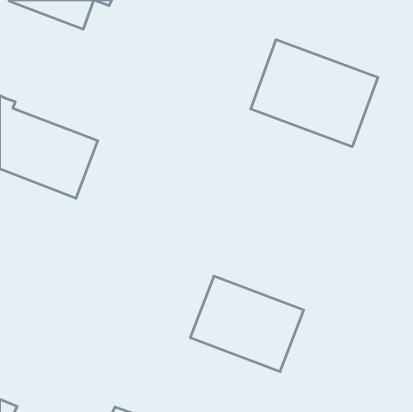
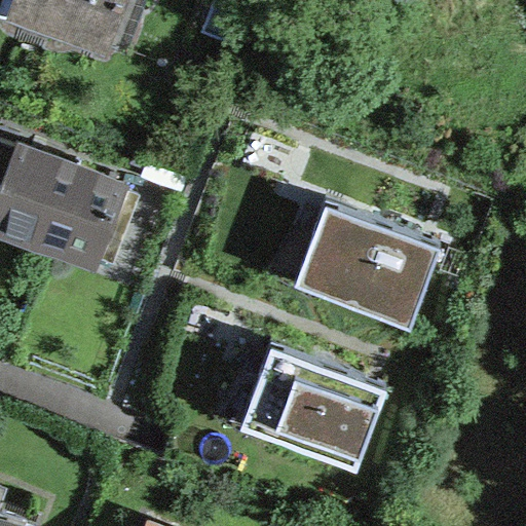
building: [251,40,378,147] -> none
building: none -> [294,210,439,332]

